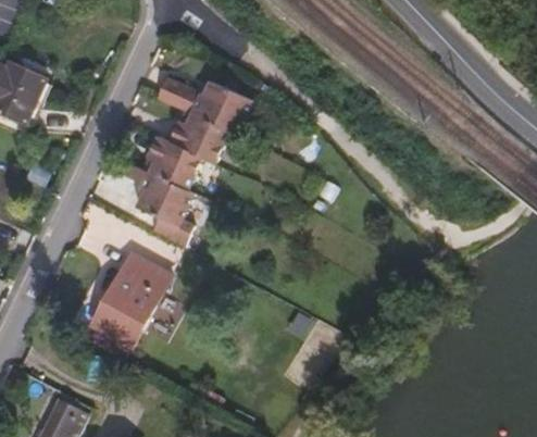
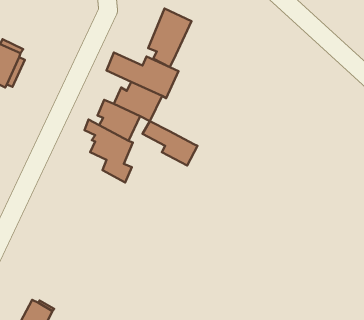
building: none -> [148,9,191,67]
building: none -> [142,121,197,165]
building: [90,251,168,344] -> none

